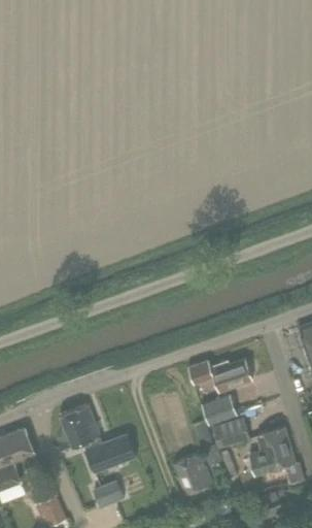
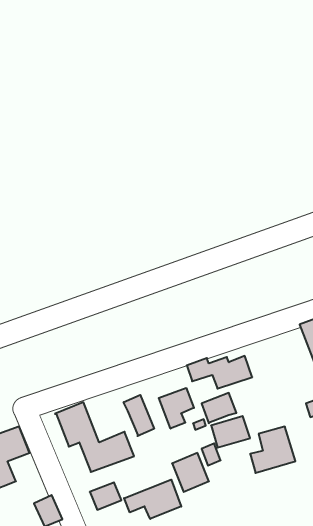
building: none -> [159,388,194,429]
building: none -> [124,395,154,436]
building: none -> [124,480,181,519]

